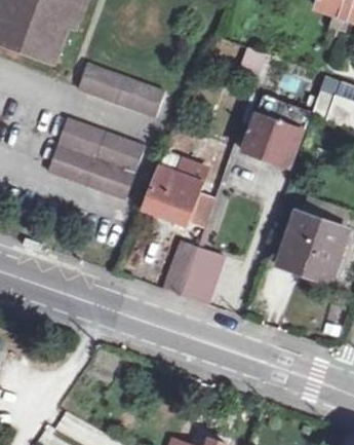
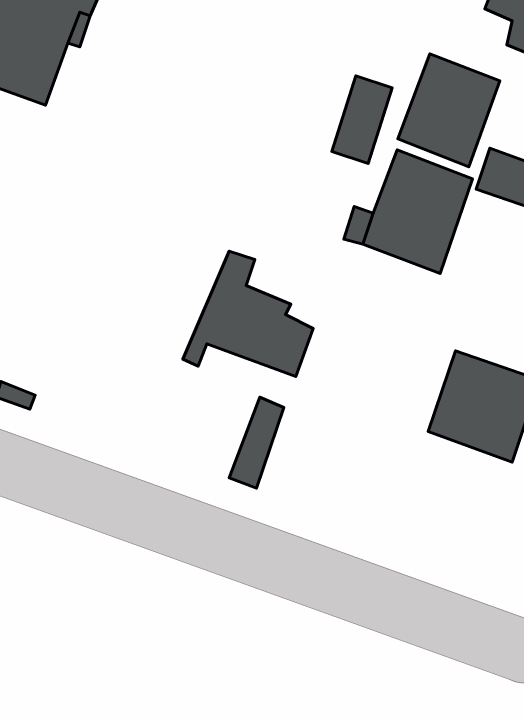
building: none -> [398,54,500,167]
building: [77,64,163,117] -> none
building: [46,119,144,200] -> none
building: [182,245,224,301] -> none

